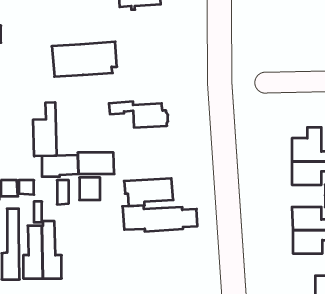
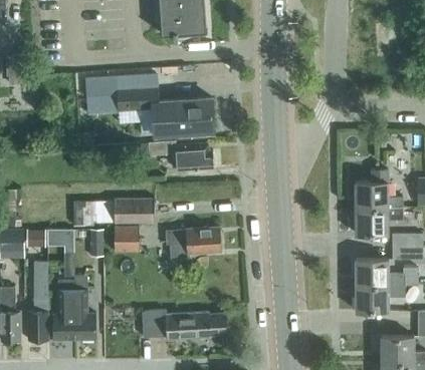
building: none -> [152,98,214,135]
building: [33,102,56,156] -> none
building: [122,205,197,231] -> [142,311,226,340]

